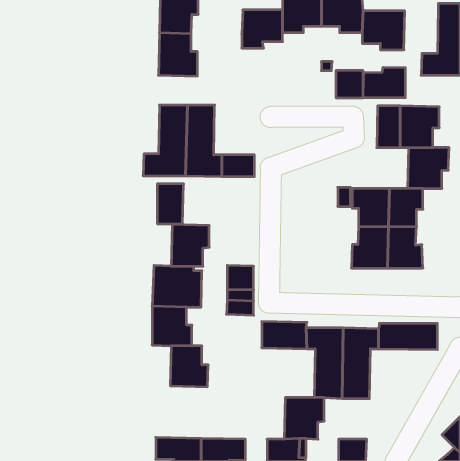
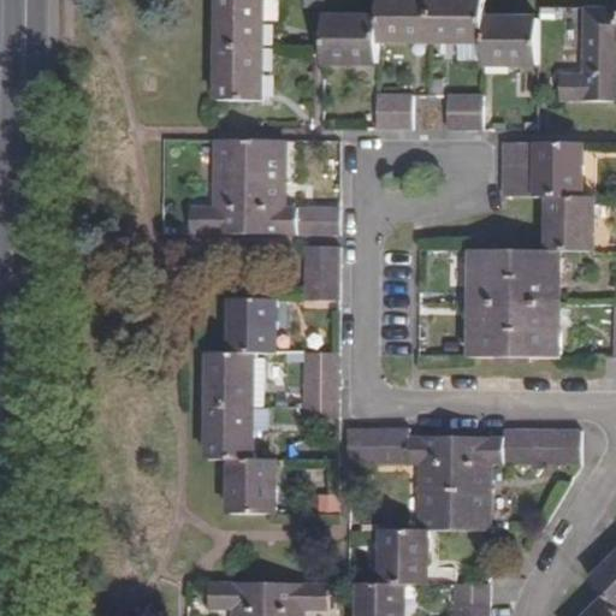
building: [363,67,405,98] -> none
building: none -> [374,94,411,129]
building: [157,184,184,224] -> [303,247,338,300]

